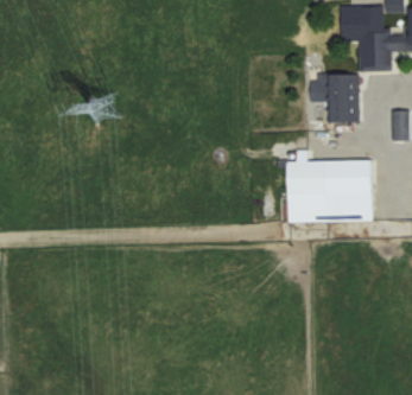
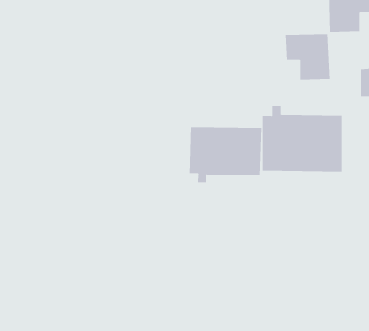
building: none -> [189,127,262,183]

